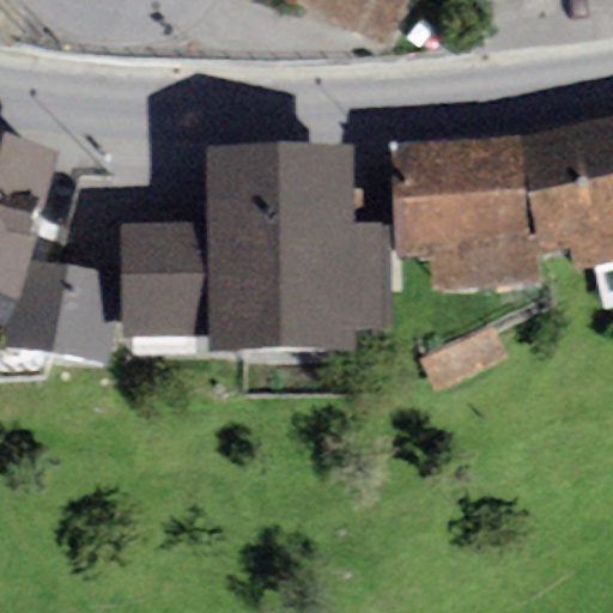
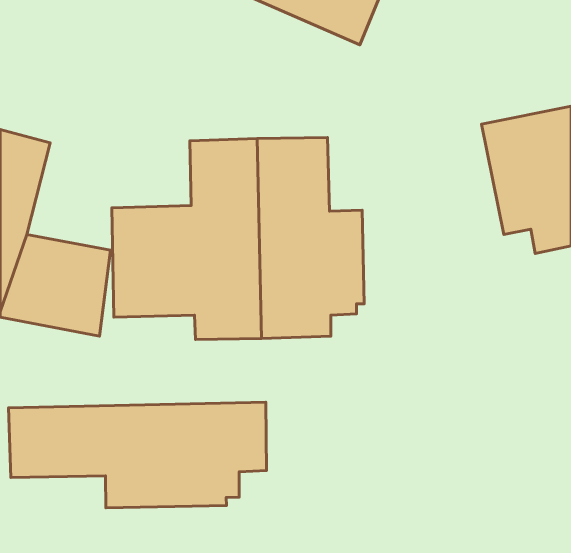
building: [388,133,541,286] -> none
building: none -> [9,402,267,508]

